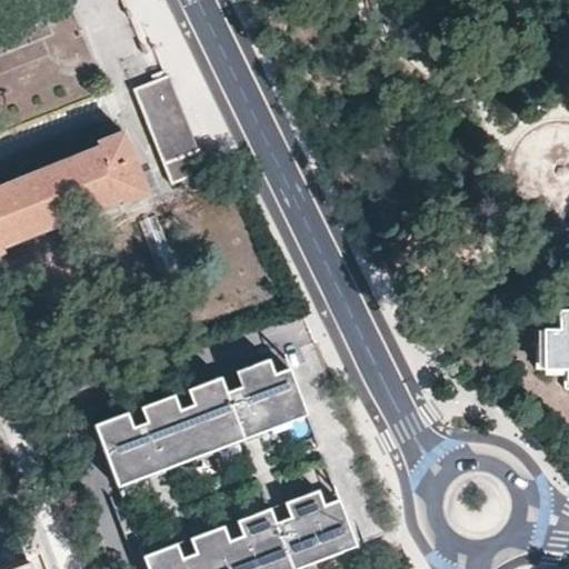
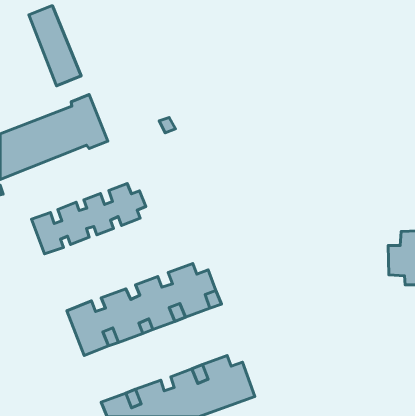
building: [136,76,207,184] -> [29,6,81,86]
building: none -> [32,183,146,254]

